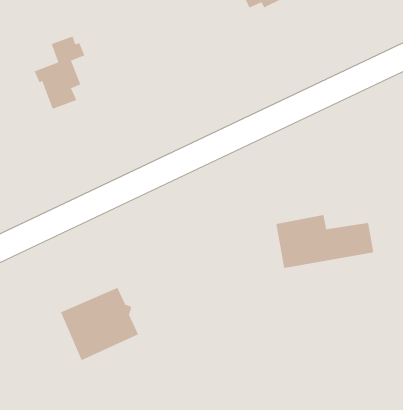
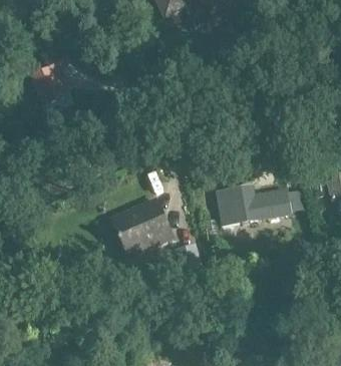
building: [60,287,139,361] -> [114,199,175,255]

